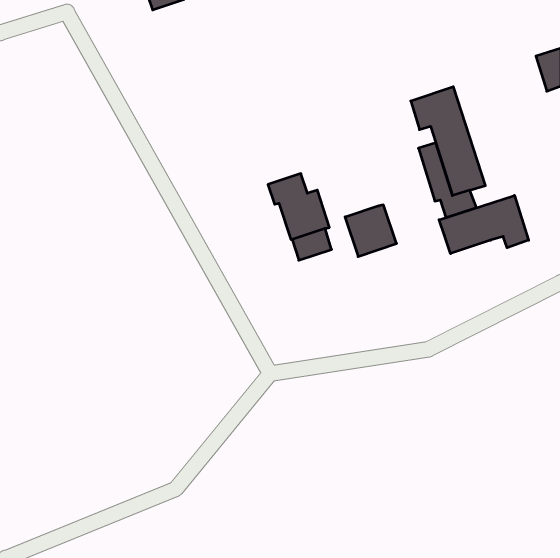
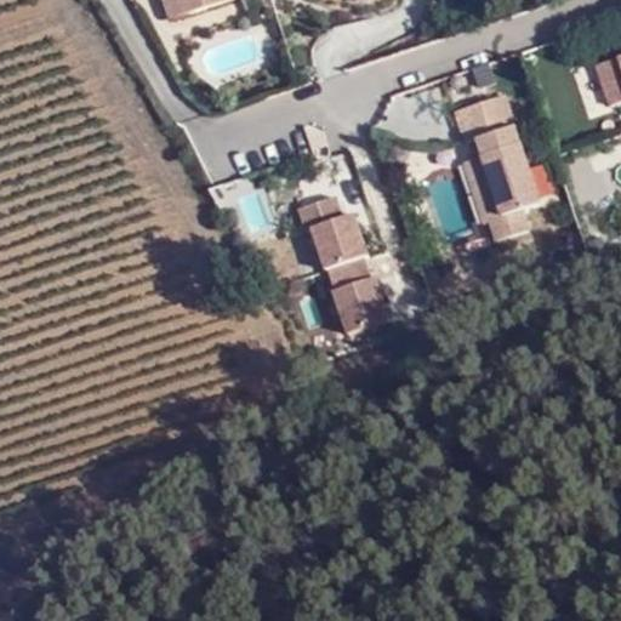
building: [439,195,529,254] -> none
building: [345,205,397,257] -> [330,274,387,331]

